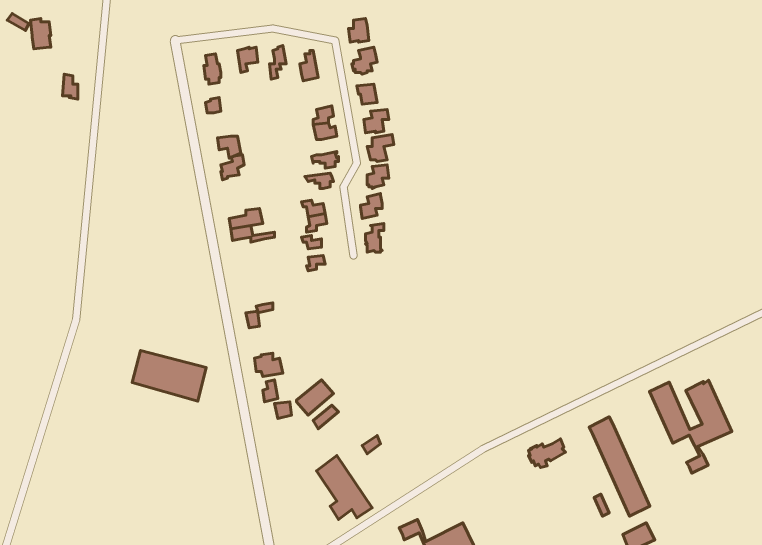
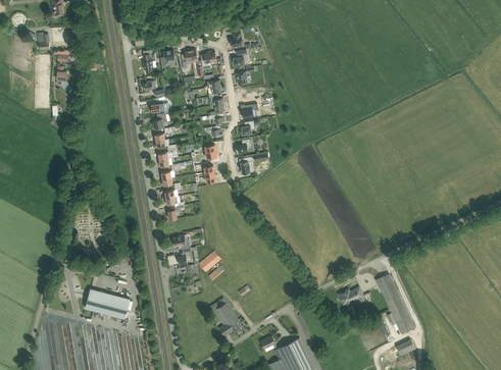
building: [132,351,206,401] -> [86,288,131,319]
building: [650,380,732,473] -> none

